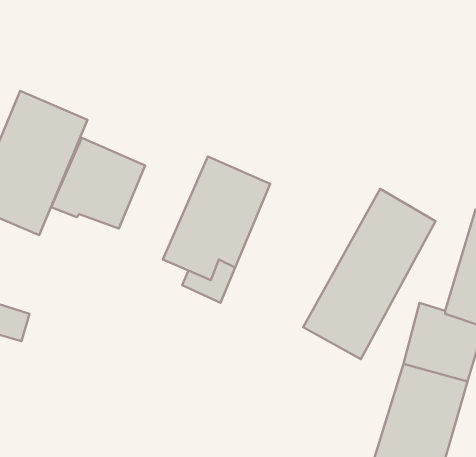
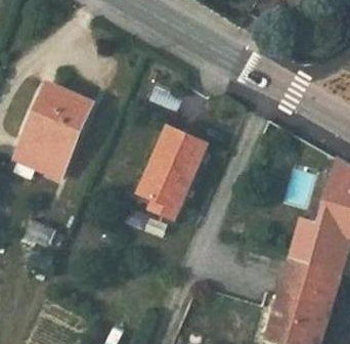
building: [51,138,145,229] -> none
building: [303,189,435,359] -> none

